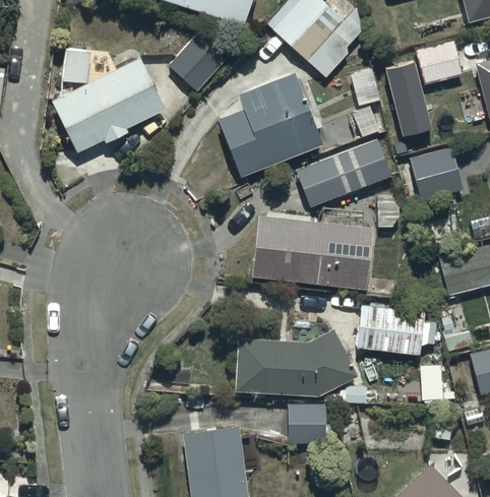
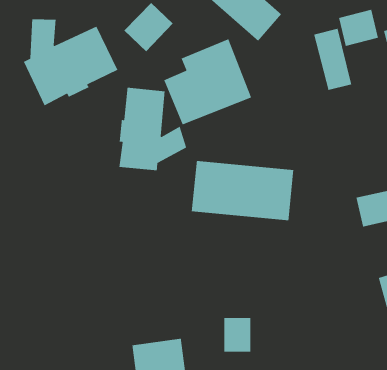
building: none -> [119,87,187,171]
building: [296,141,393,202] -> none
building: [412,148,467,200] -> none
building: [358,308,438,355] -> none
building: [233,328,360,398] -> none

